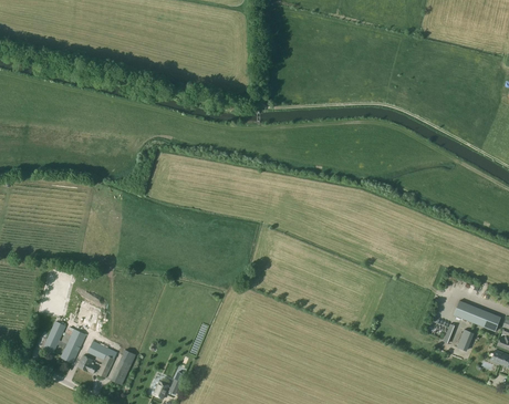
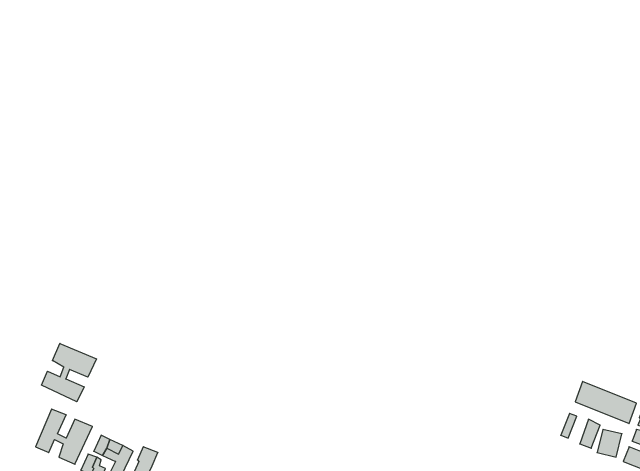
building: none -> [41,343,96,402]

